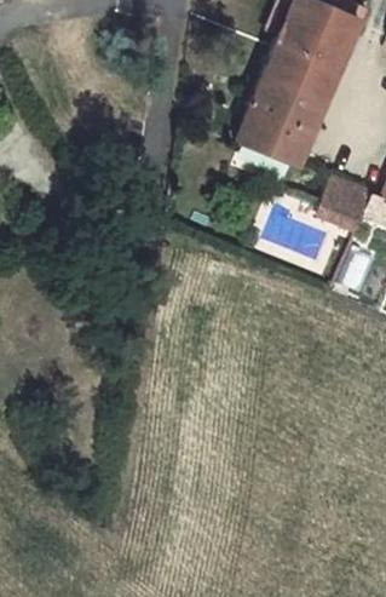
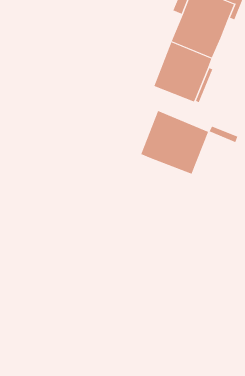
building: none -> [141,110,209,174]

